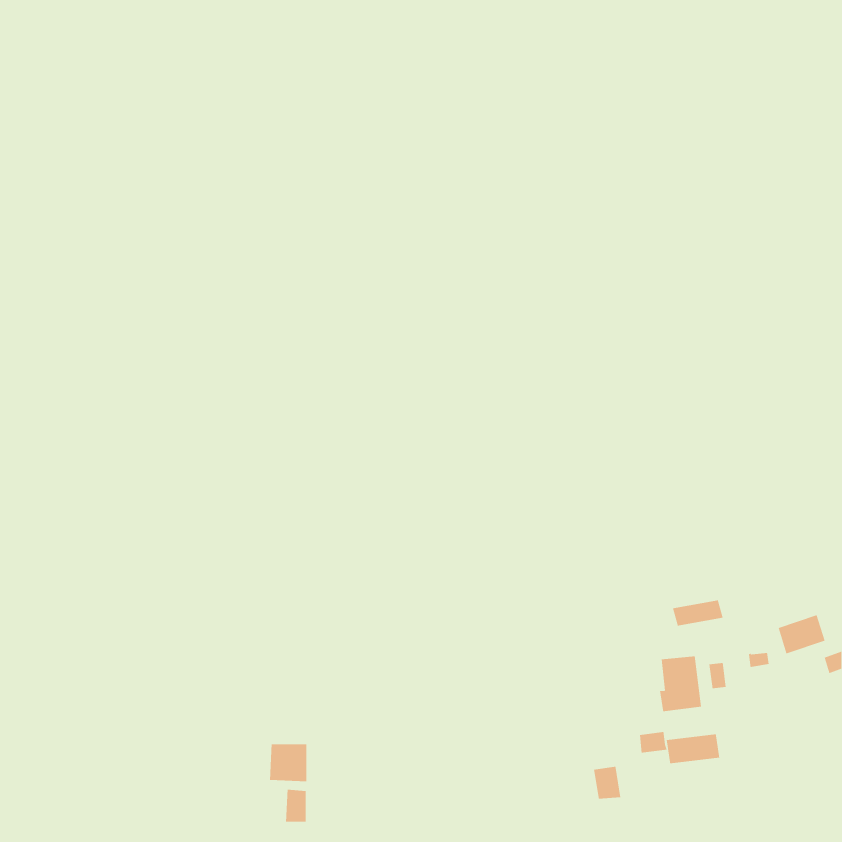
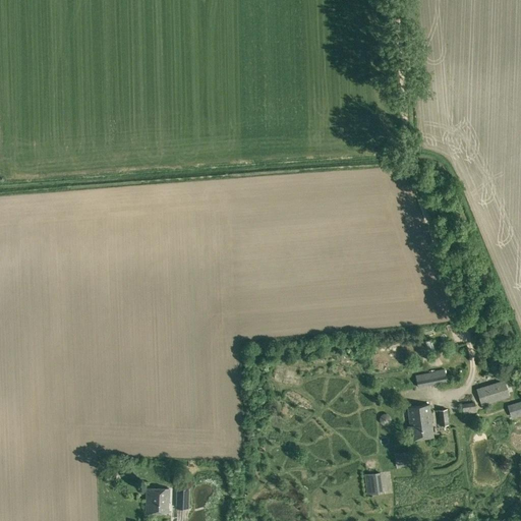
building: [666,733,720,764] -> none
building: [269,744,307,782] -> [146,488,169,512]

